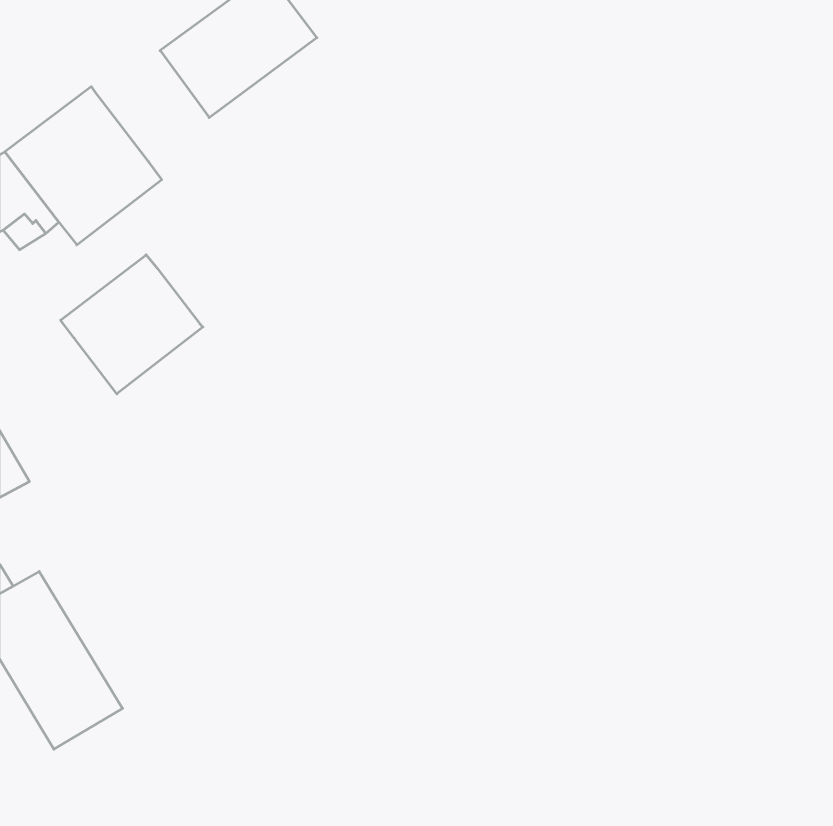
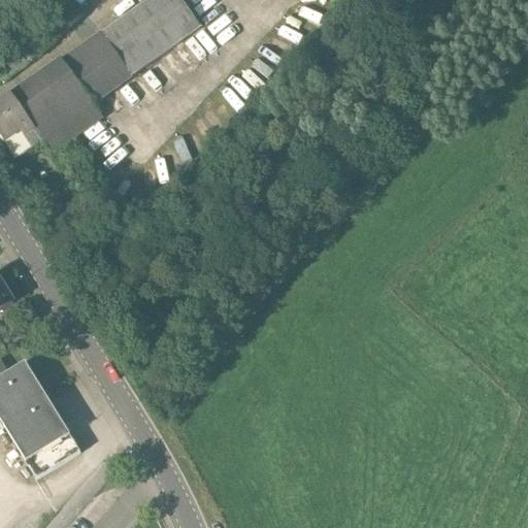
building: none -> [60,30,132,102]
building: [61,255,203,394] -> none

